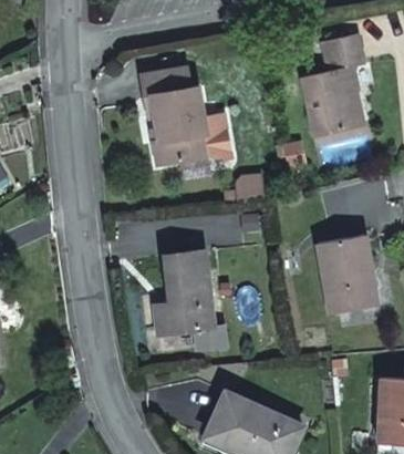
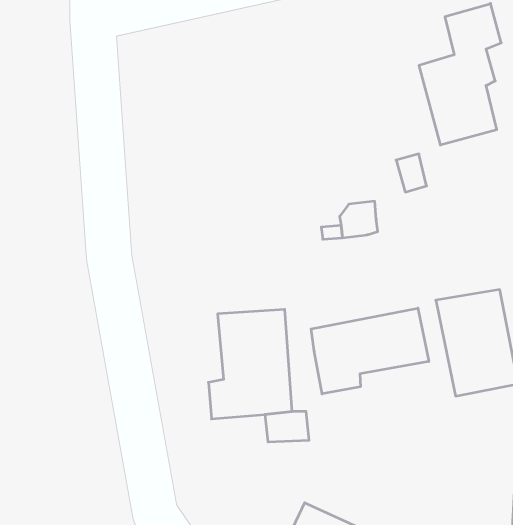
building: [143,70,236,167] -> none
building: none -> [311,308,429,394]

